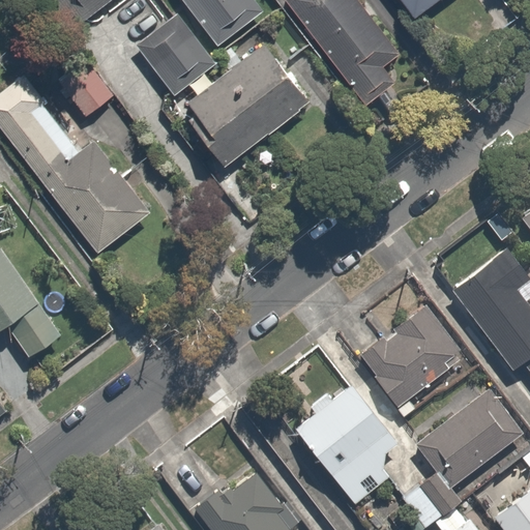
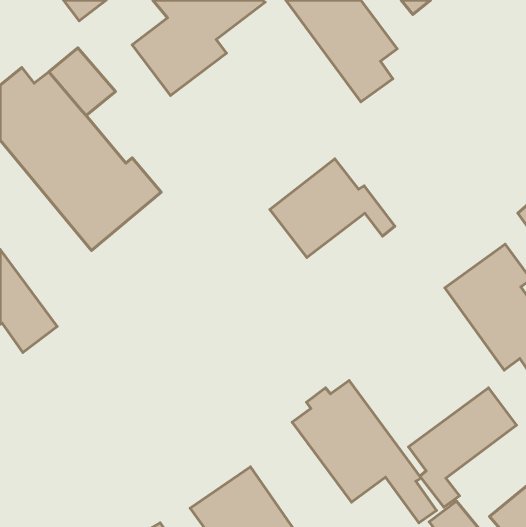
building: [183,39,310,169] -> none
building: none -> [270,159,395,258]
building: [360,303,469,408] -> none

